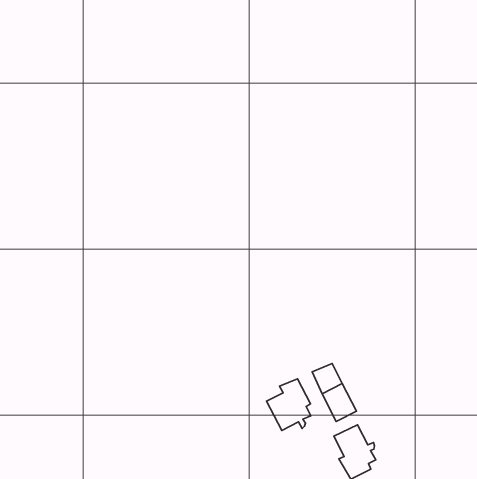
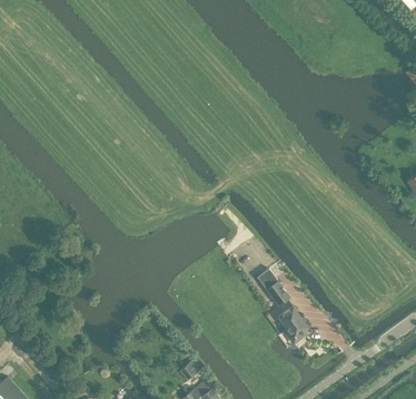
building: [266,379,311,430] -> none

